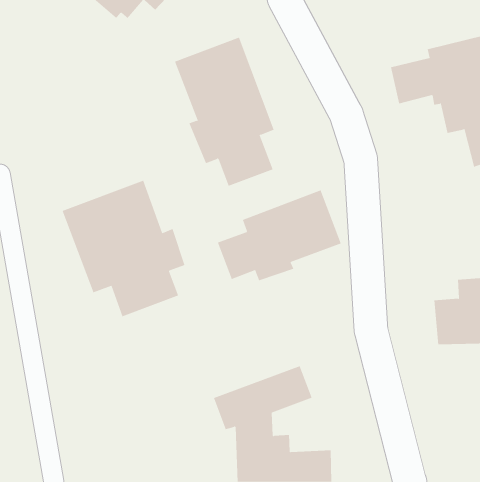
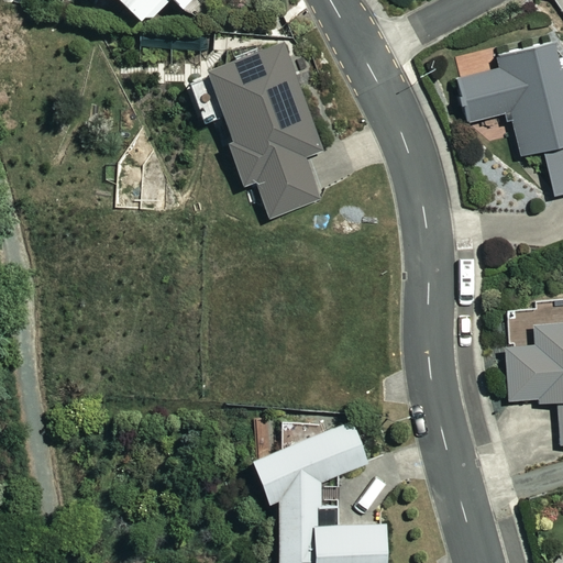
building: [62,180,185,317] -> none
building: [217,190,342,281] -> none

